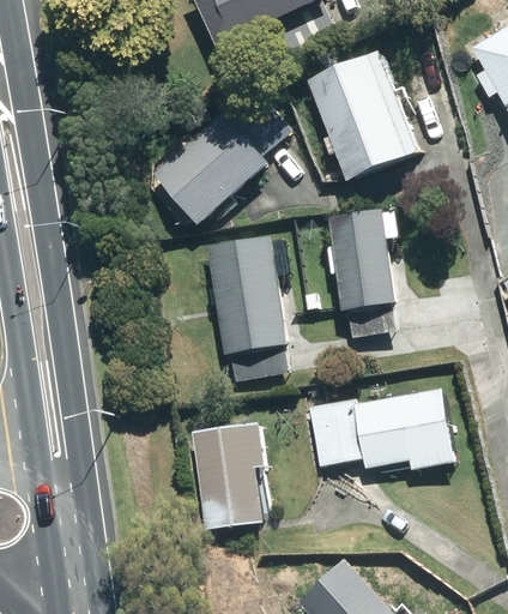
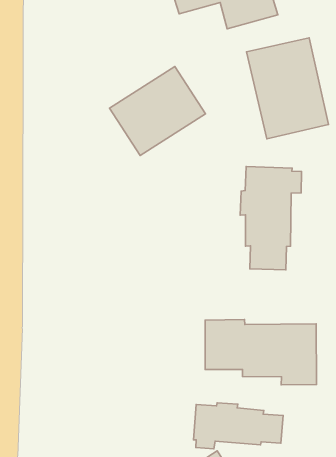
building: [207,235,289,380] -> none
building: [193,423,264,530] -> none
building: none -> [194,403,283,449]

